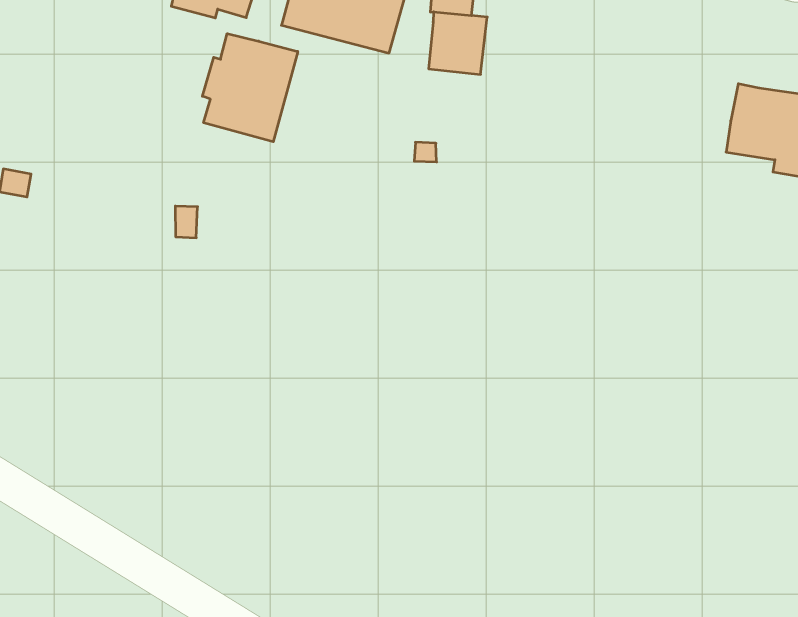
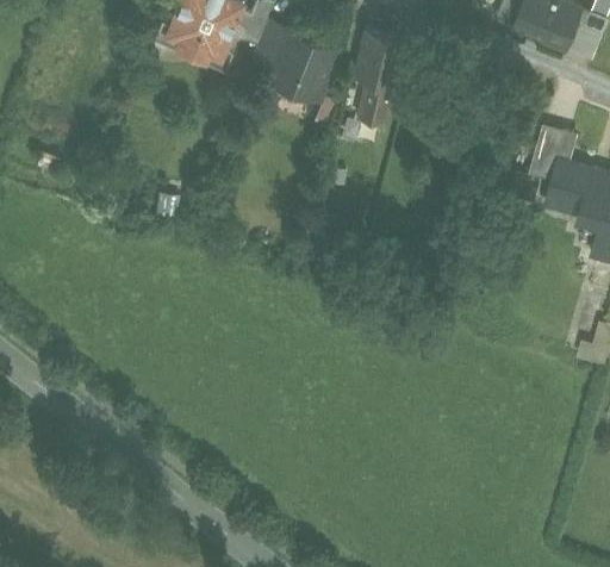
building: [202,34,298,142] -> none
building: none -> [528,124,580,180]

